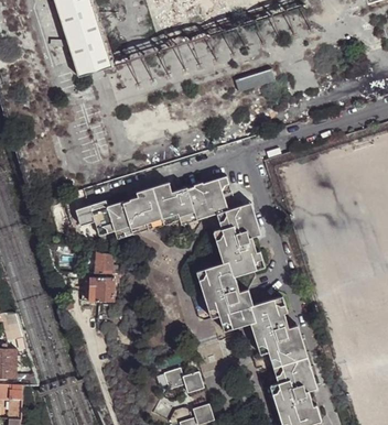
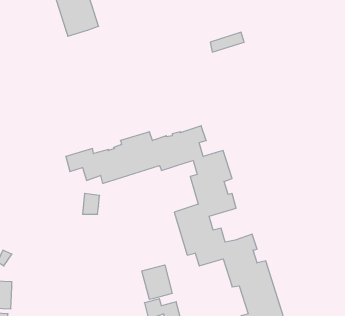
building: [88,275,114,301] -> none
building: none -> [142,265,172,299]

